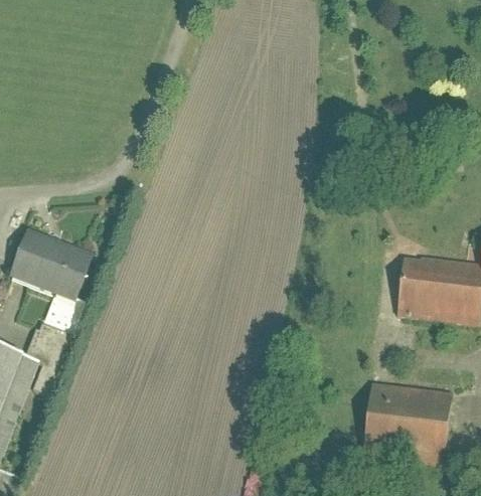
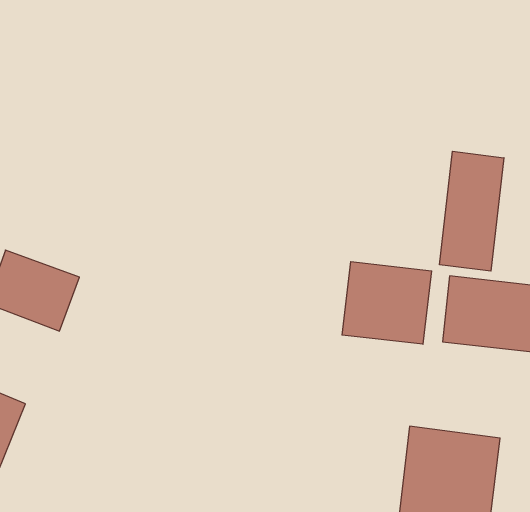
building: none -> [440,151,504,271]
building: none -> [342,262,432,344]

